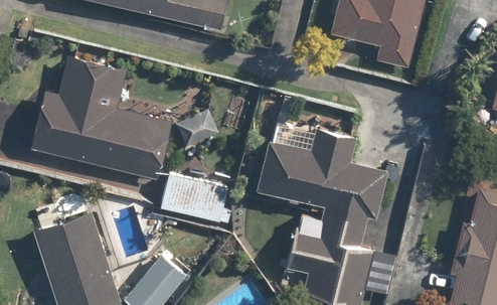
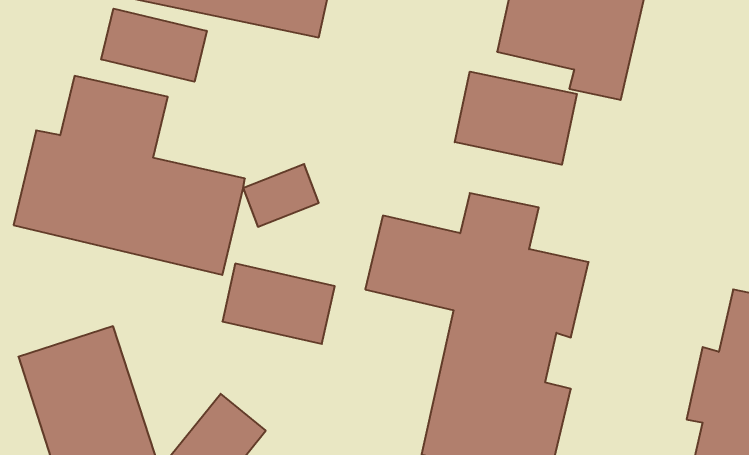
building: none -> [101,9,207,82]
building: none -> [455,72,577,165]

